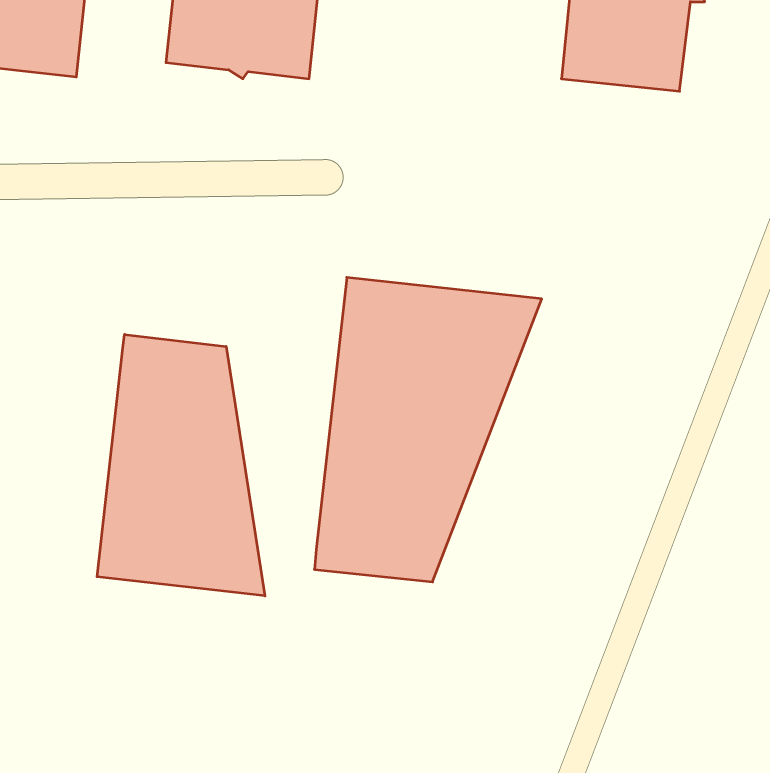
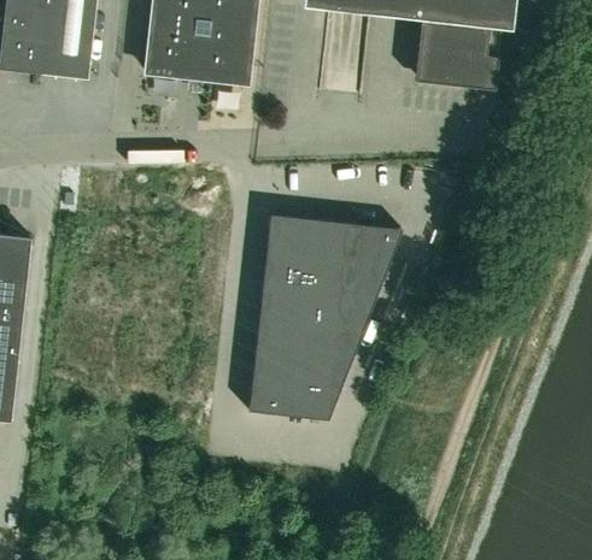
building: [97,334,265,596] -> none

